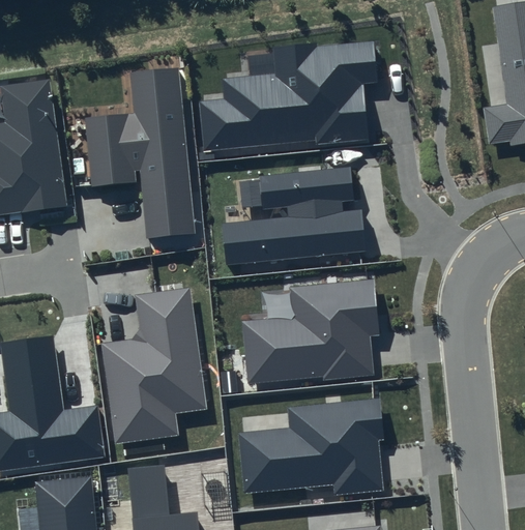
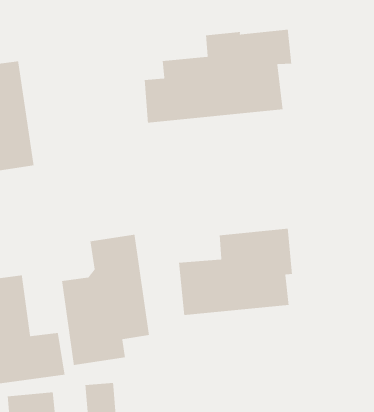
building: [86,68,195,239] -> none
building: [223,168,366,265] -> none
building: [238,399,383,496] -> none

